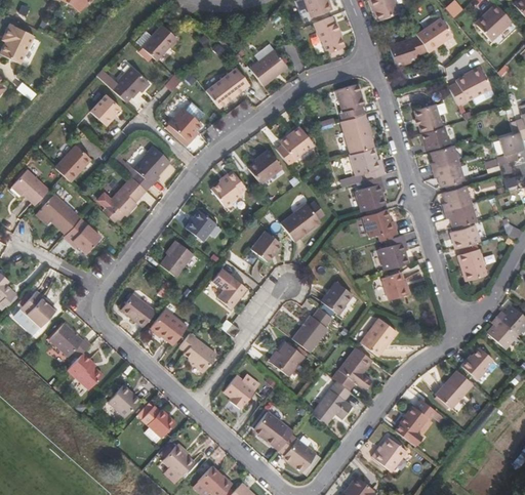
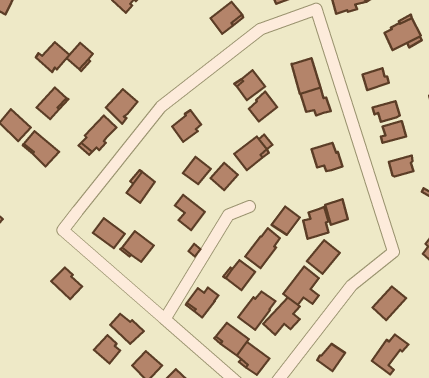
building: [205,68,248,109] -> none
building: [108,69,146,102] -> [36,42,70,72]
building: [338,84,365,120] -> none
building: [415,102,445,132] -> none
building: [168,110,201,145] -> none
building: [431,143,459,169] -> none
building: [245,150,277,183] -> [249,92,277,122]
building: [358,175,388,211] -> none
building: [445,202,478,226] -> none
building: [183,208,214,239] -> [183,157,211,184]
building: [64,219,102,254] -> none
building: [381,234,410,270] -> [303,207,329,239]
building: [456,249,484,280] -> none
building: [22,292,55,327] -> none
building: [51,323,91,358] -> none
building: [179,335,214,372] -> none
building: [460,348,491,380] -> none
building: none -> [238,292,275,330]
building: [108,384,137,416] -> [94,335,120,363]
building: [395,400,436,445] -> [372,334,408,374]

